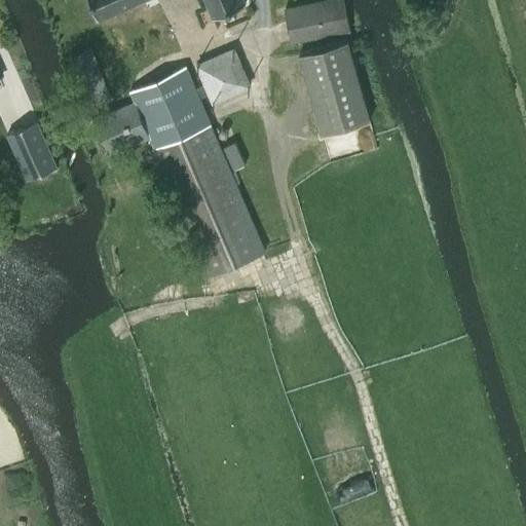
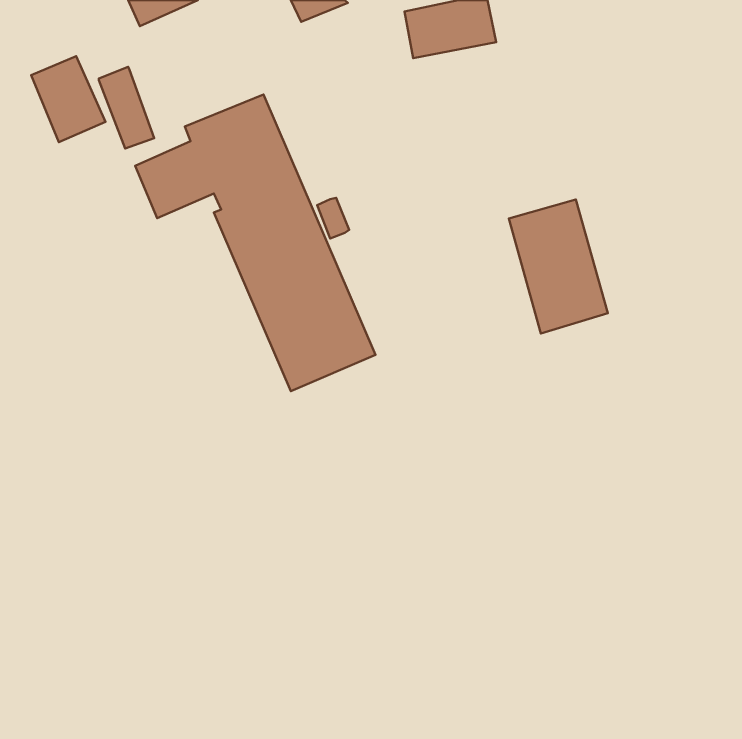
building: [300,42,370,137] -> [509,200,608,333]
building: [195,48,252,105] -> none
building: [7,122,60,183] -> [31,56,105,142]

